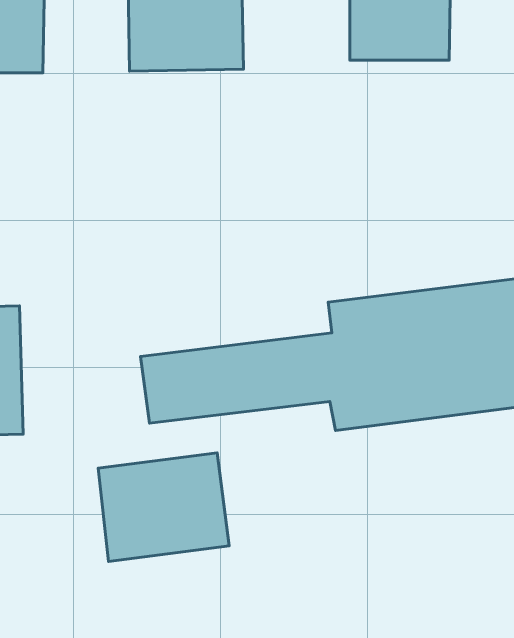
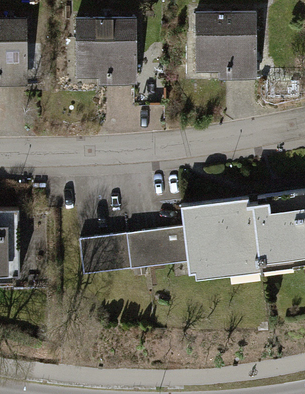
building: [98,453,229,562] -> none

